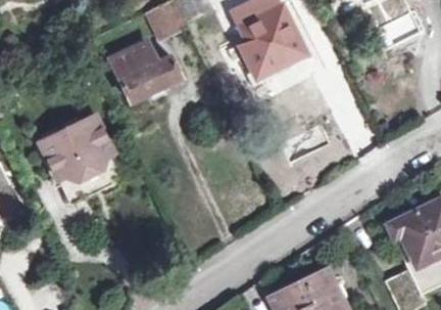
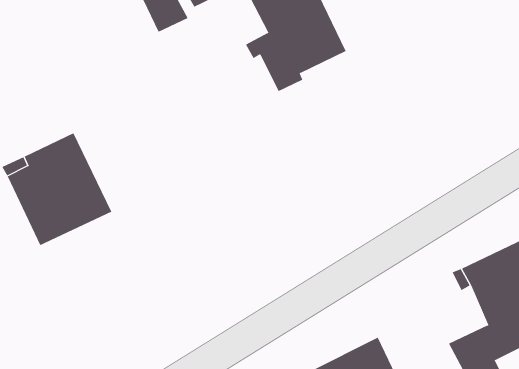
building: [106,37,180,101] -> none

